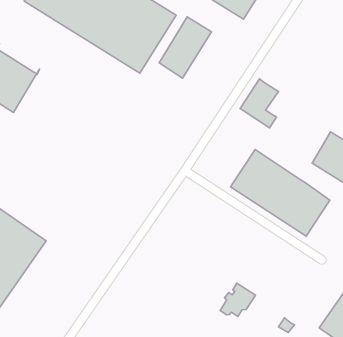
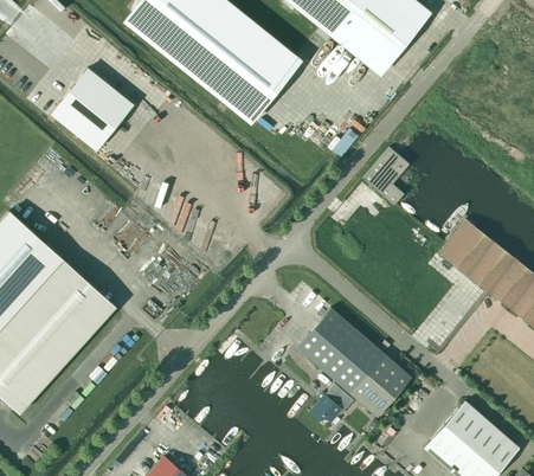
building: [159,17,211,78] -> none
building: [230,150,330,236] -> [297,308,412,417]

